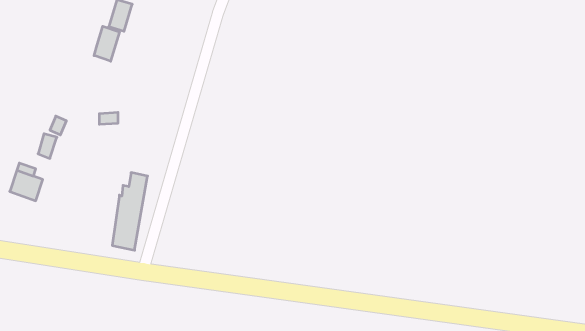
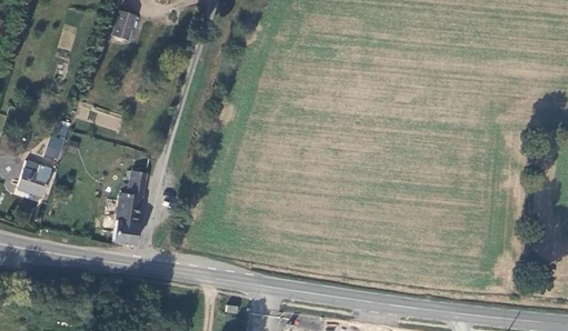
building: [94,26,119,61] -> none

